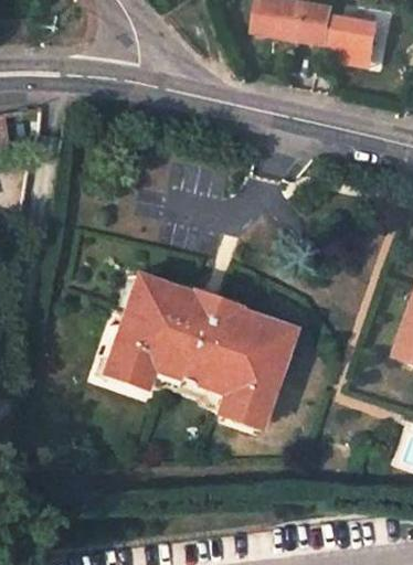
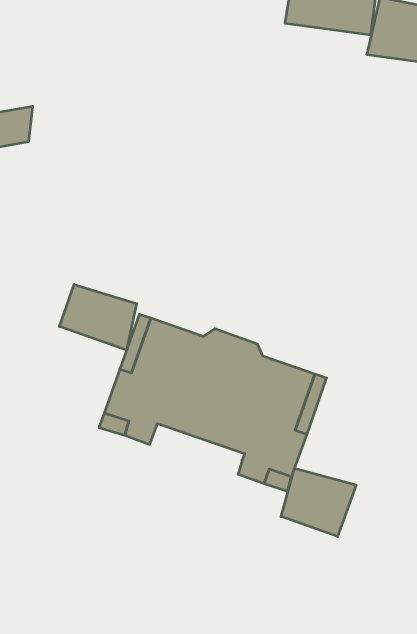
building: none -> [59,284,137,350]
building: none -> [281,468,356,537]

